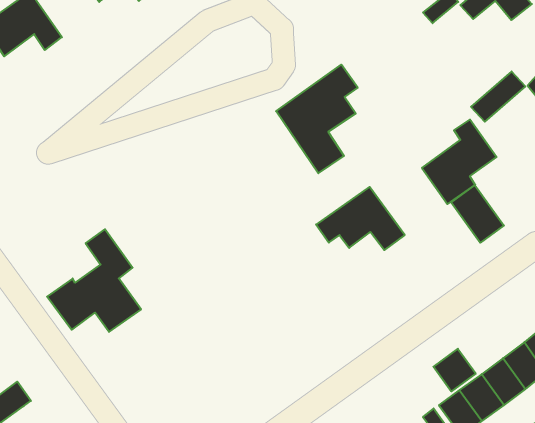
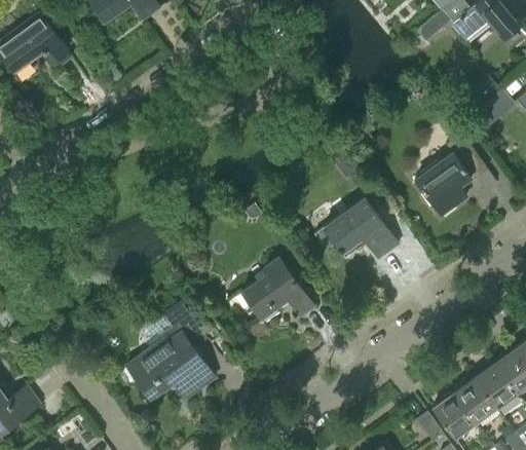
building: [276,65,358,173] -> none
building: [451,185,504,243] -> none
building: [47,229,141,332] -> [125,302,216,401]
building: none -> [241,258,313,323]
building: [433,349,476,391] -> none

